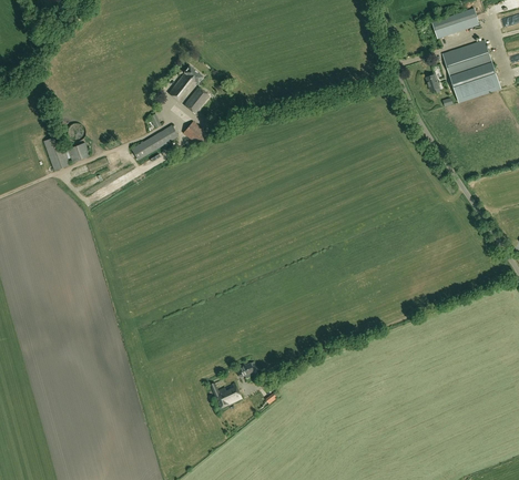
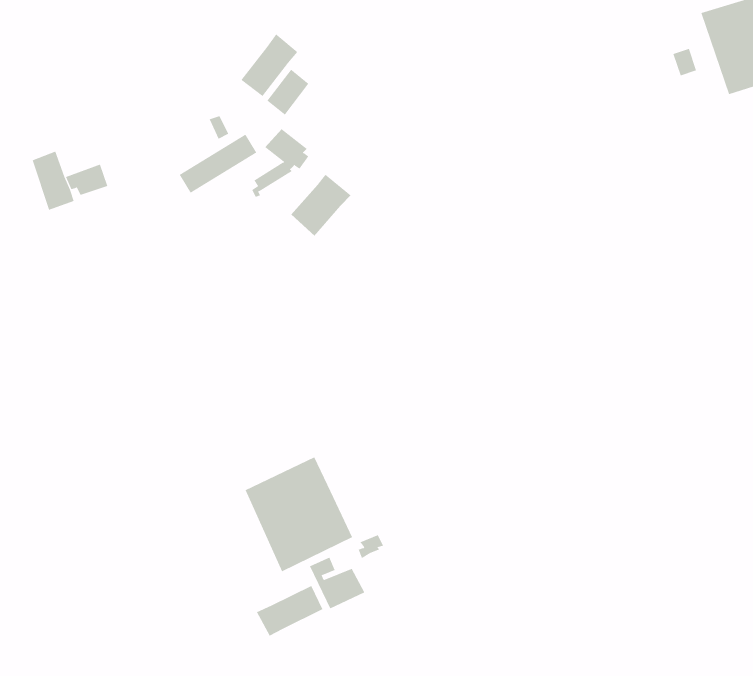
building: none -> [291,174,351,236]
building: none -> [245,456,353,572]
building: none -> [256,585,323,637]

